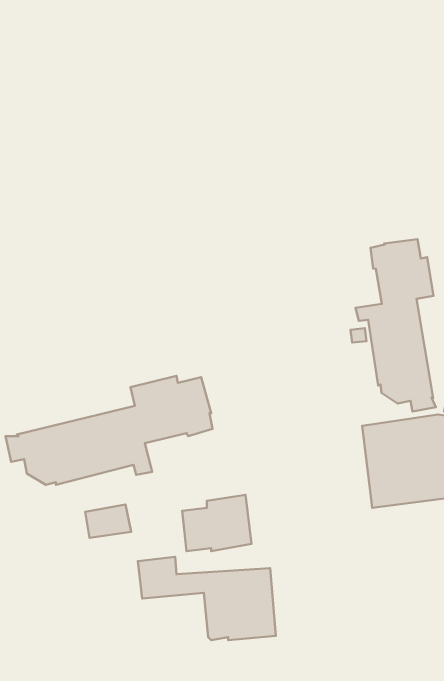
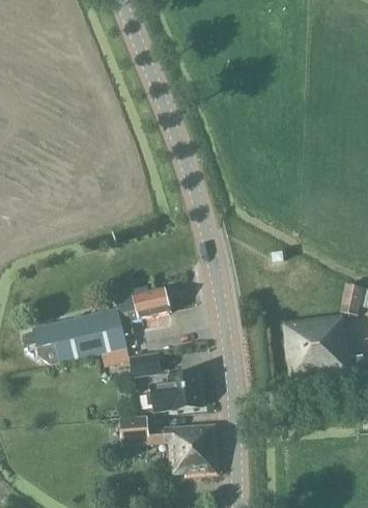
building: [356,239,436,411] -> none
building: [85,505,131,538] -> [130,352,163,376]

